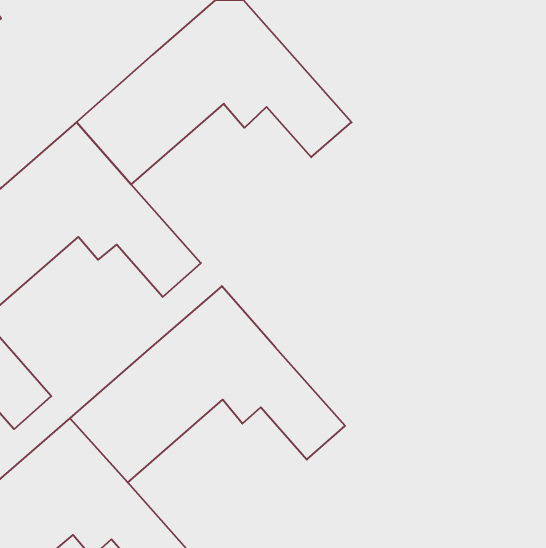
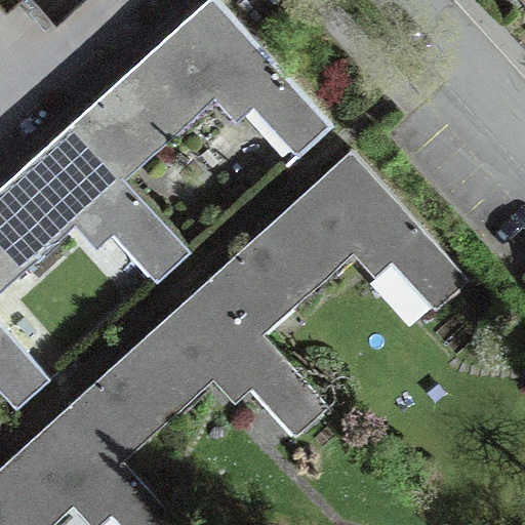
building: none -> [208,150,466,335]

